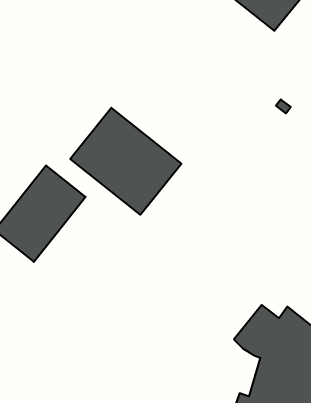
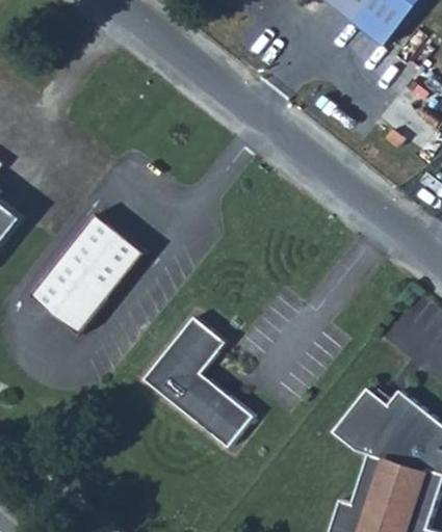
building: [70,108,181,215] -> none
building: none -> [144,316,253,450]

